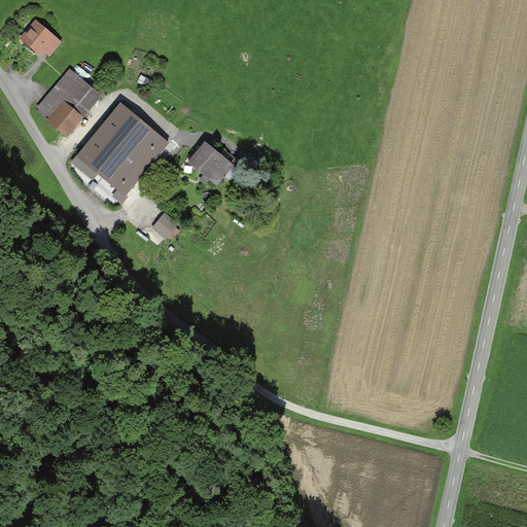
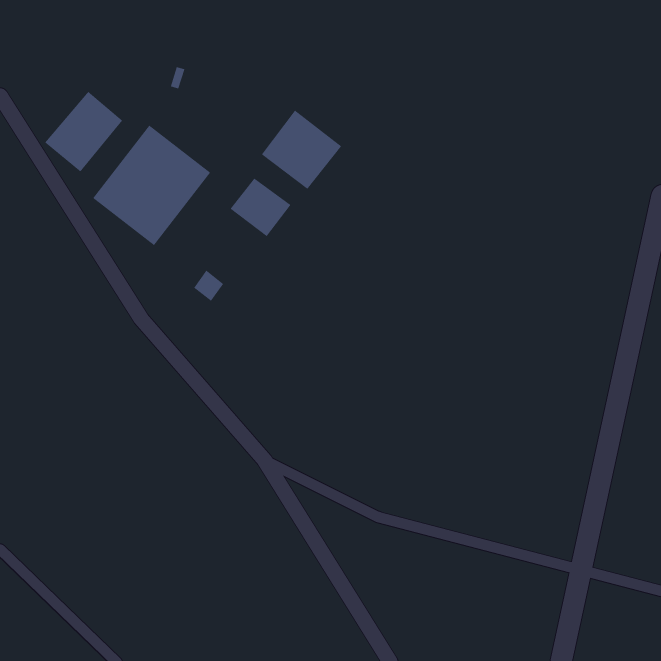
building: [19,19,59,59] -> none
building: none -> [261,109,342,190]

